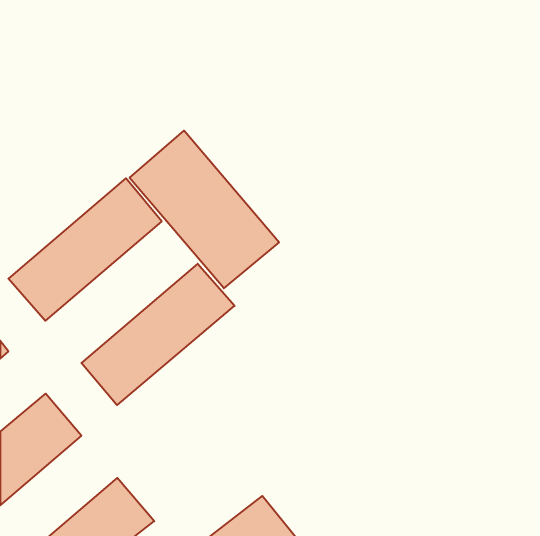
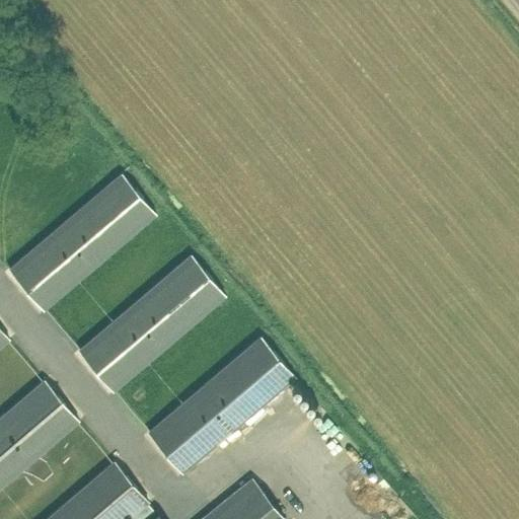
building: [130,131,279,288] -> none
building: none -> [148,338,294,474]

